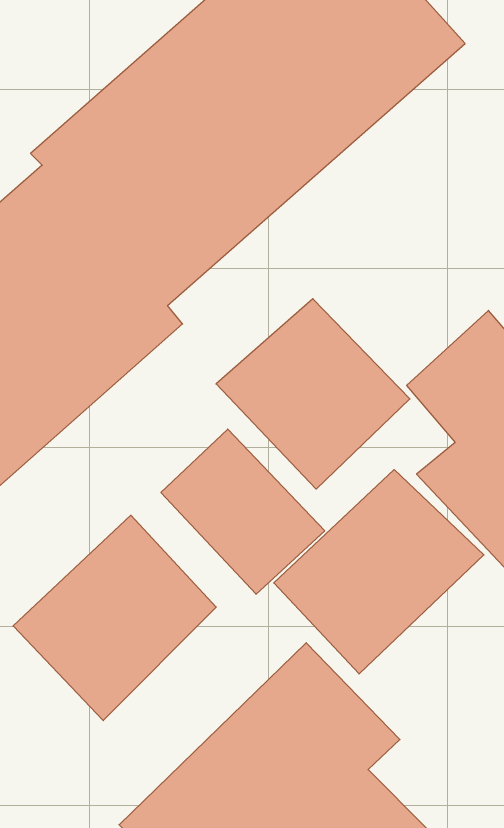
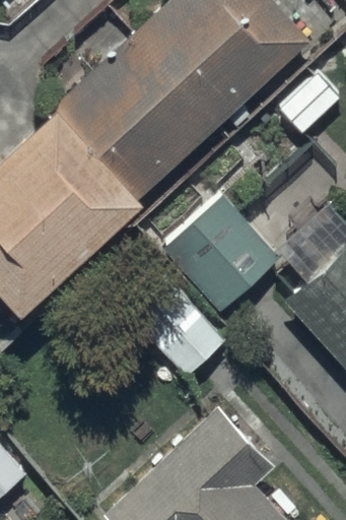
building: [274,470,484,674] -> none
building: [13,515,216,721] -> none

